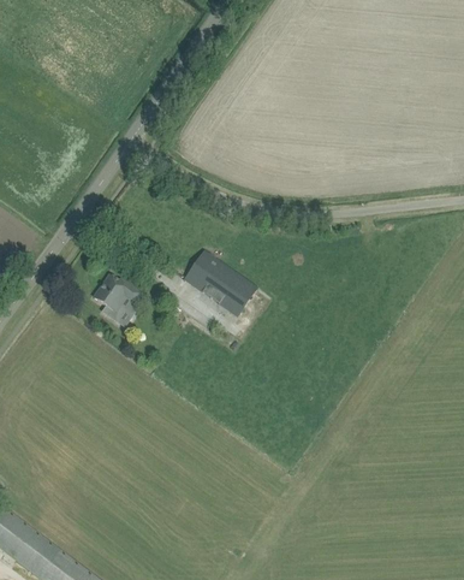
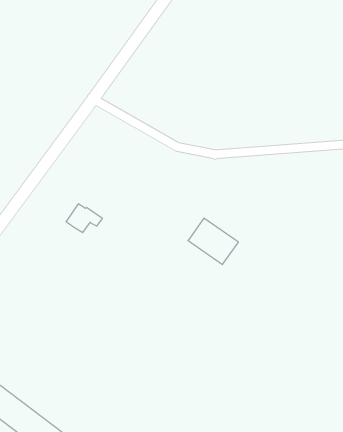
building: [184,250,249,310] -> [188,218,238,265]

